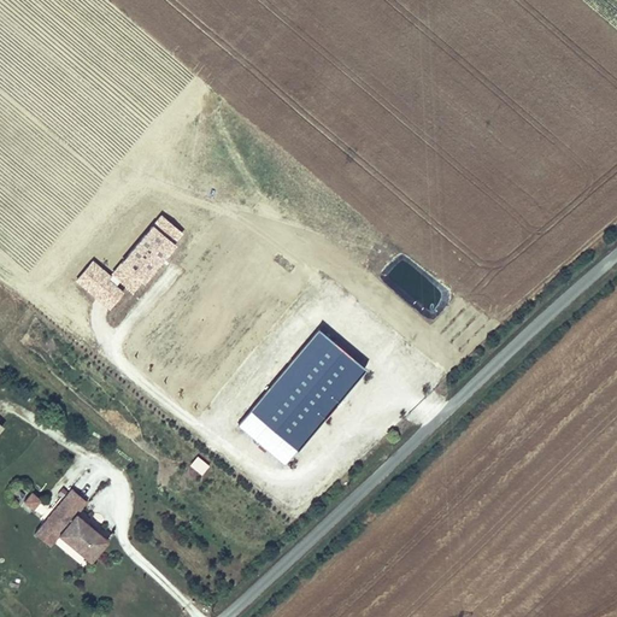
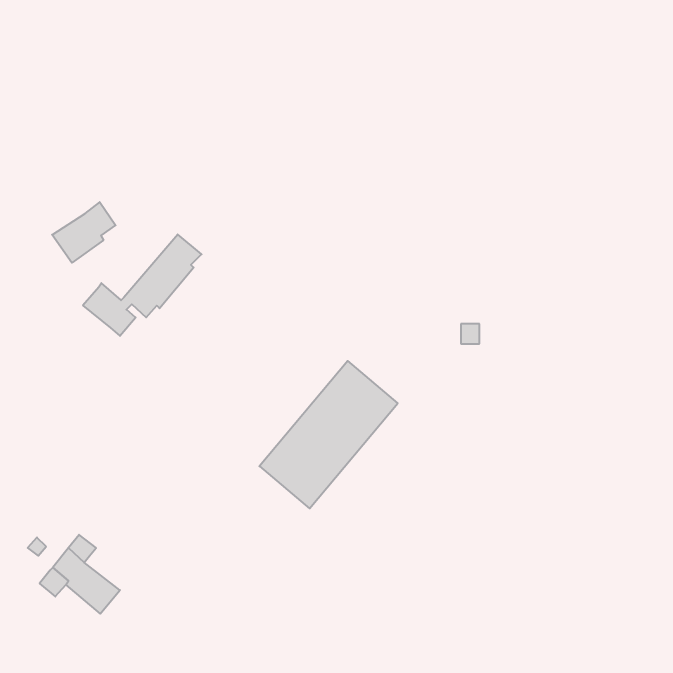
building: none -> [52,202,116,263]

